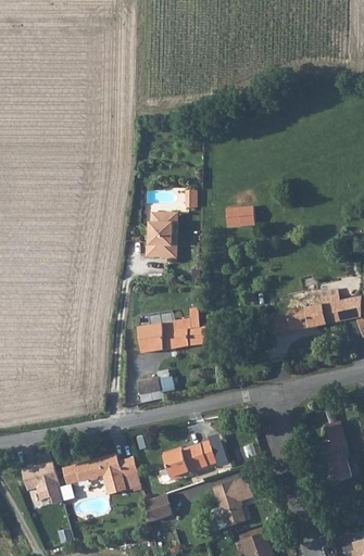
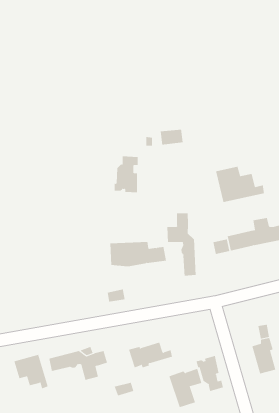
building: [222,208,251,228] -> [160,129,184,145]
building: none -> [215,166,264,203]
building: none -> [167,212,196,277]
building: none -> [196,355,223,392]

